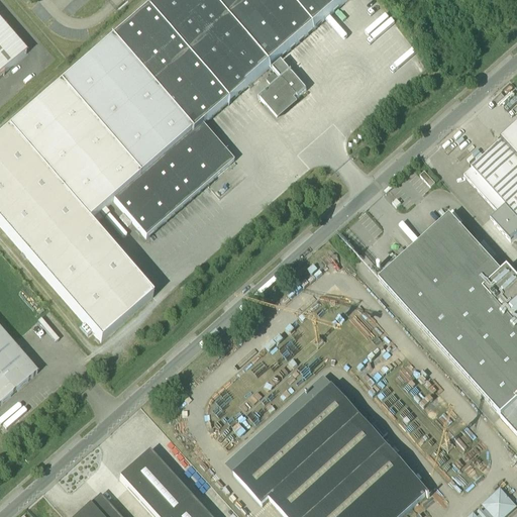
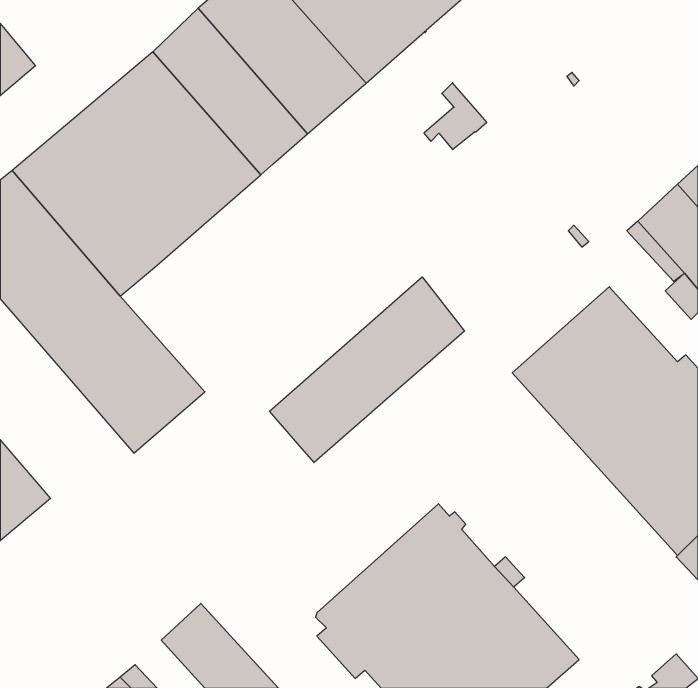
building: [260,56,306,105] -> [424,83,487,150]
building: [114,121,233,233] -> none
building: none -> [269,277,464,463]

